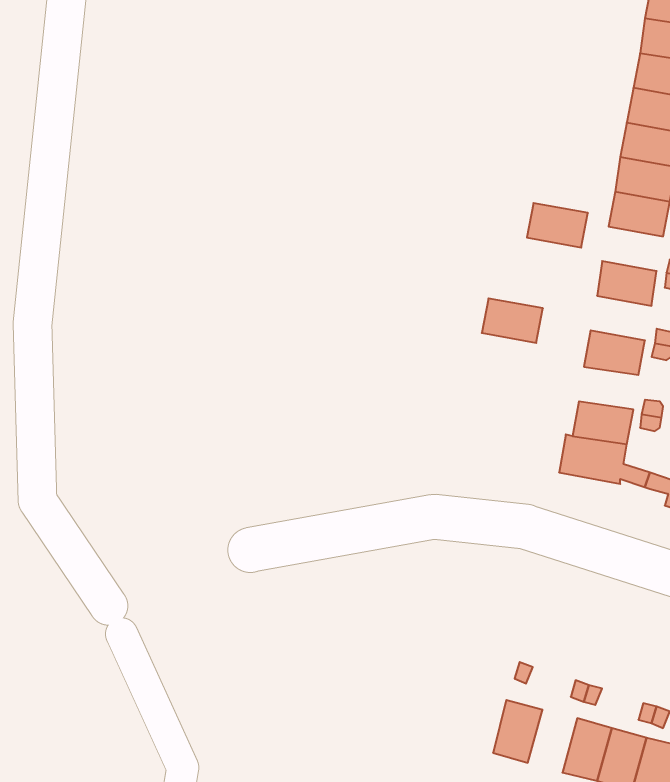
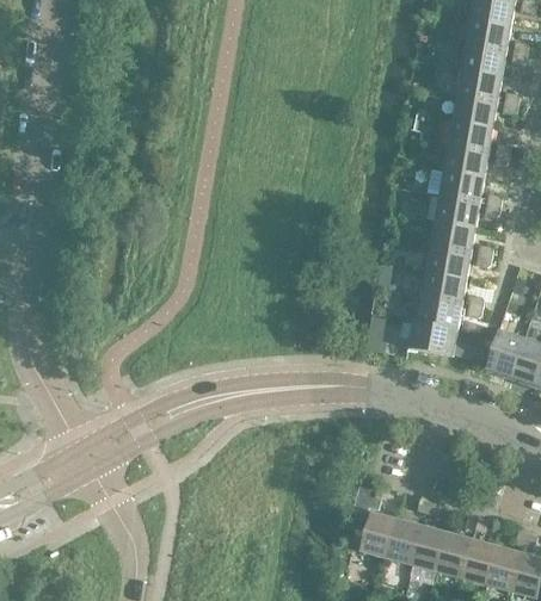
building: [527,203,588,248] -> [437,169,481,202]
building: [482,298,543,343] -> [429,219,473,252]
building: none -> [420,271,463,302]
building: none -> [383,519,419,564]

